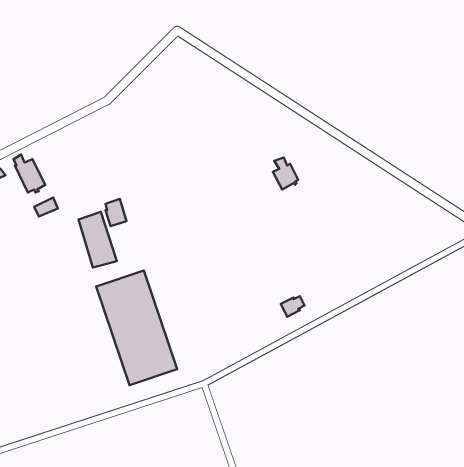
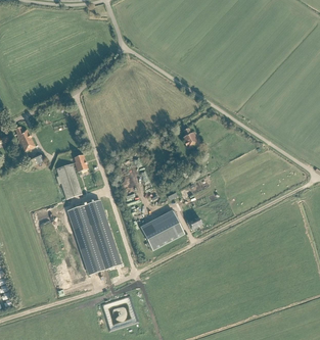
building: none -> [140,210,184,250]

